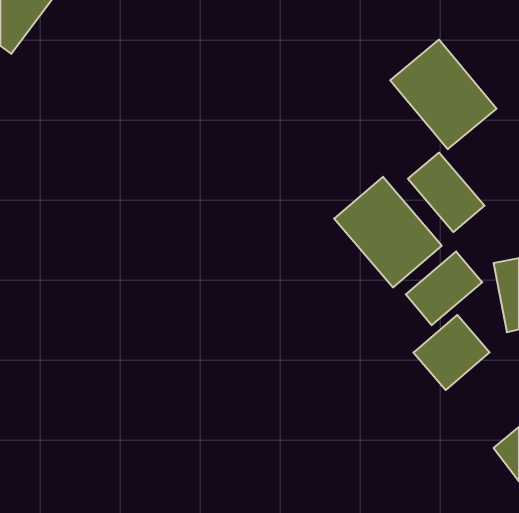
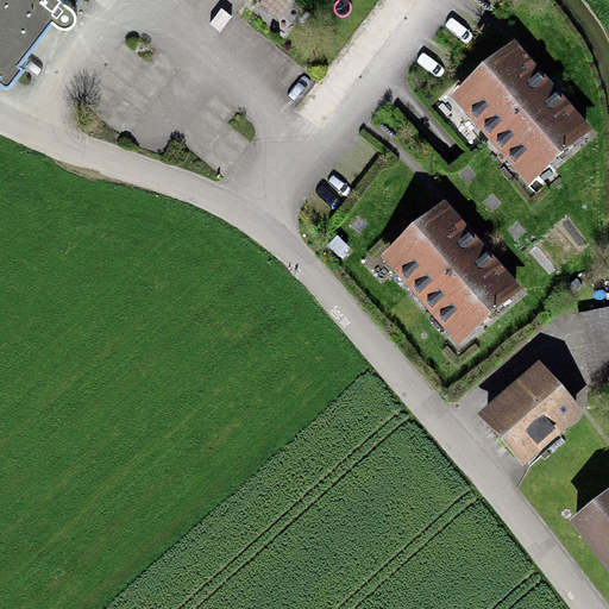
building: [408,153,485,232] -> none
building: [406,251,482,325] -> none

